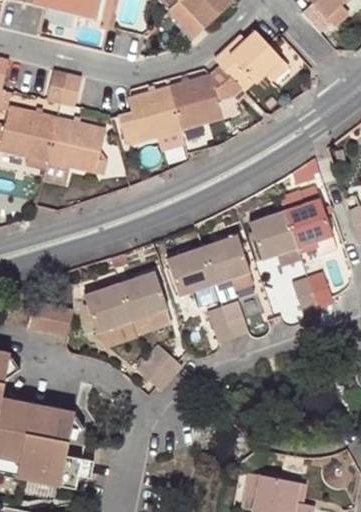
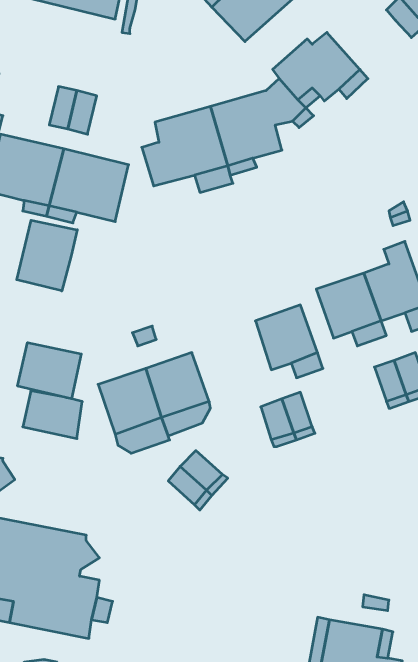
building: none -> [17,220,77,291]
building: [167,247,215,296] -> none
building: none -> [18,343,81,399]

